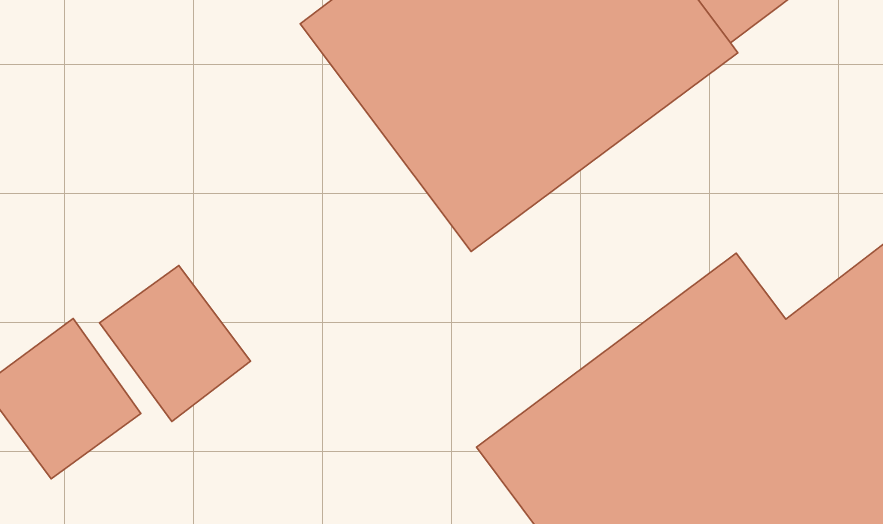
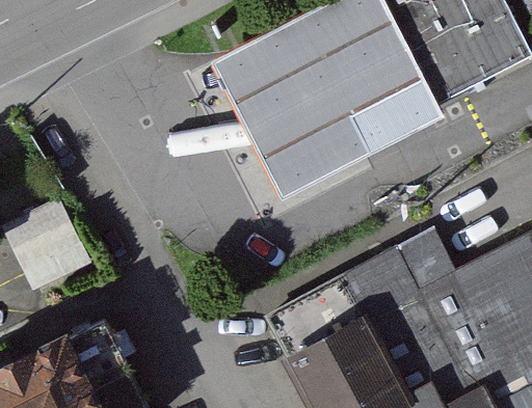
building: [99,265,250,421] -> none

